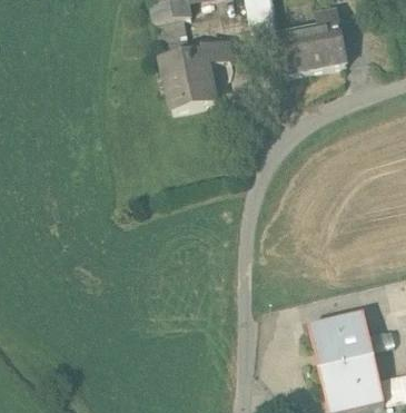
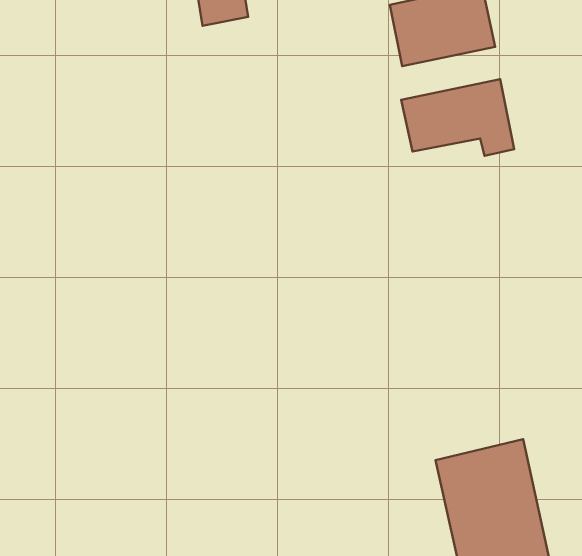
building: [164,40,232,109] -> none
building: none -> [401,79,514,156]

